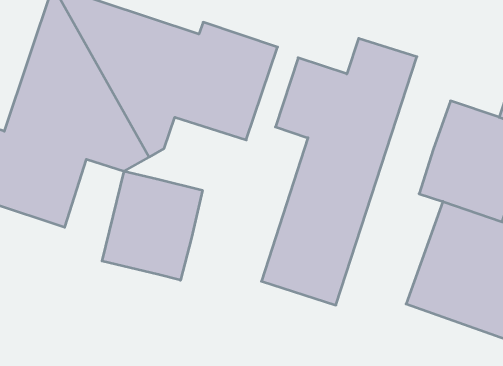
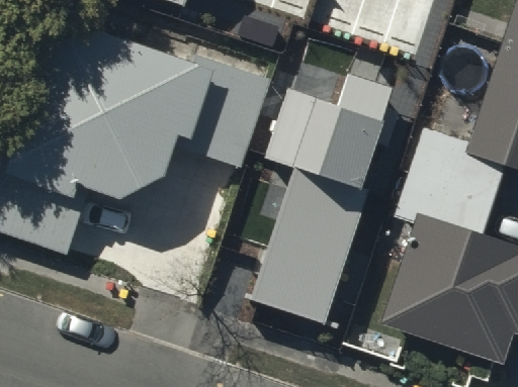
building: [102,171,202,280] -> none

